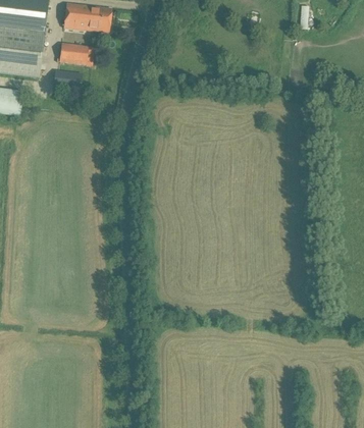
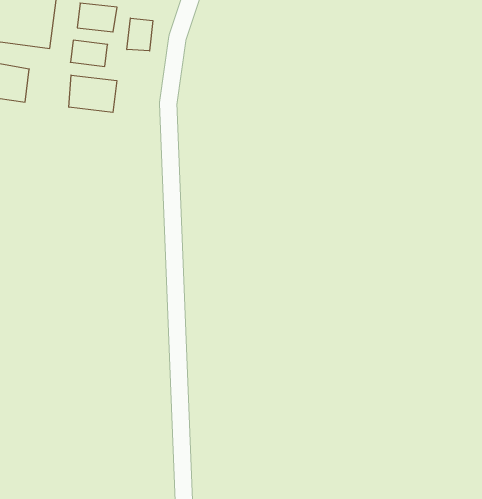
building: none -> [127,18,153,51]
building: none -> [69,75,117,112]

